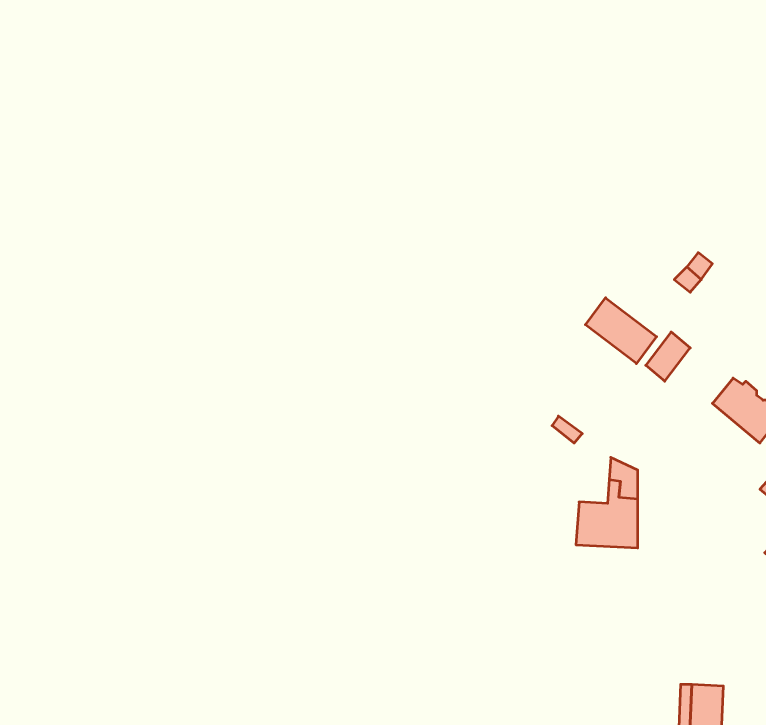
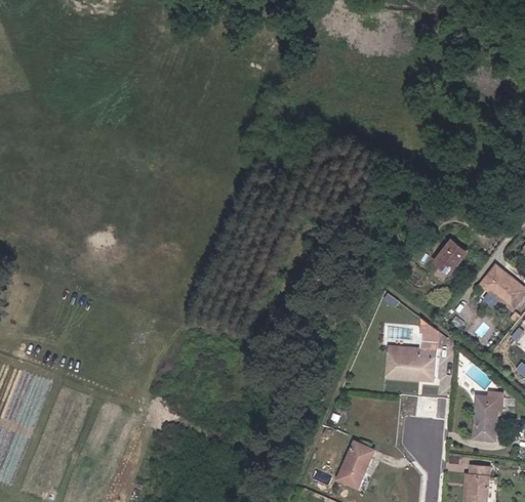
building: [585,298,657,364] -> none
building: none -> [474,390,502,441]
building: none -> [339,443,369,484]

